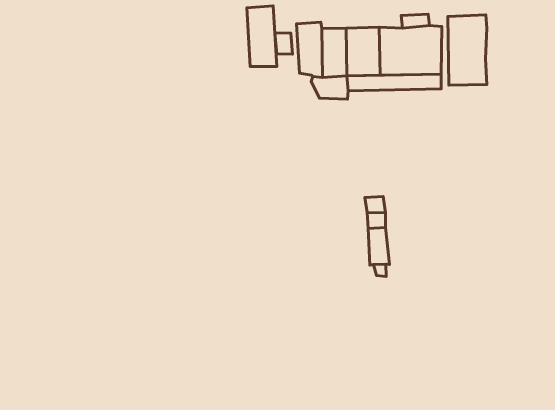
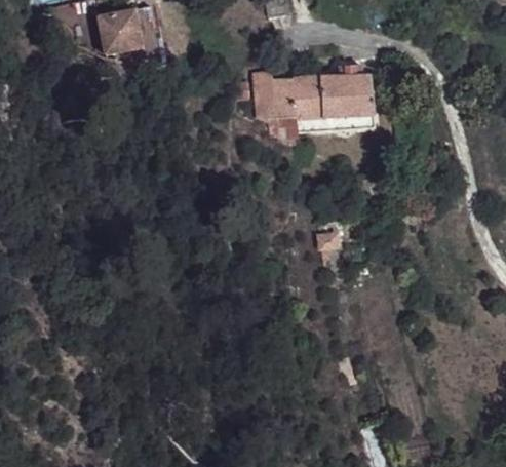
building: [247,6,277,67] -> none
building: [448,15,487,85] -> none

